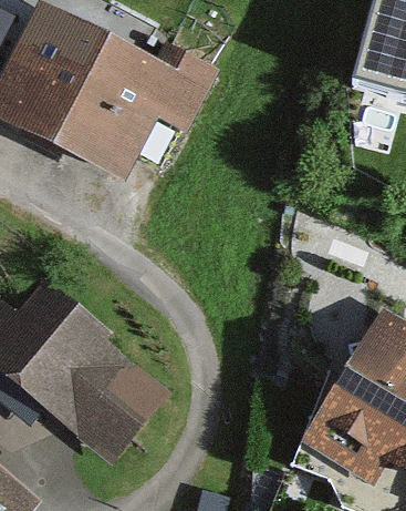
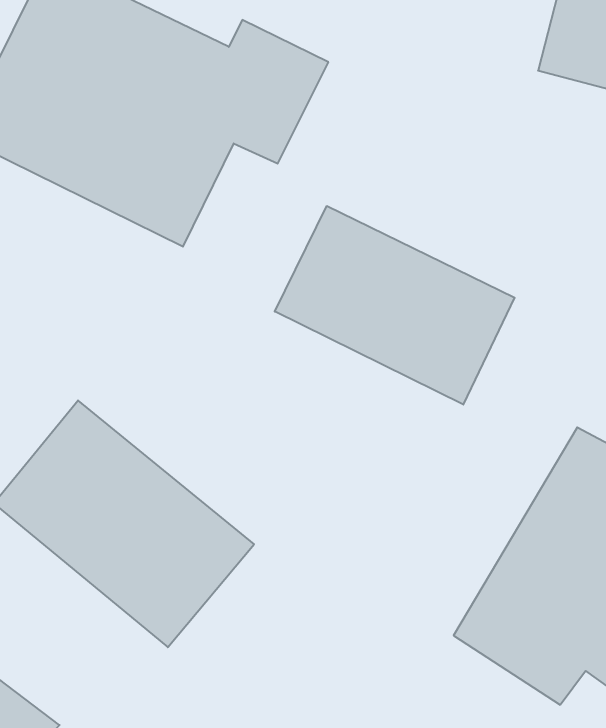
building: none -> [275,206,515,405]

